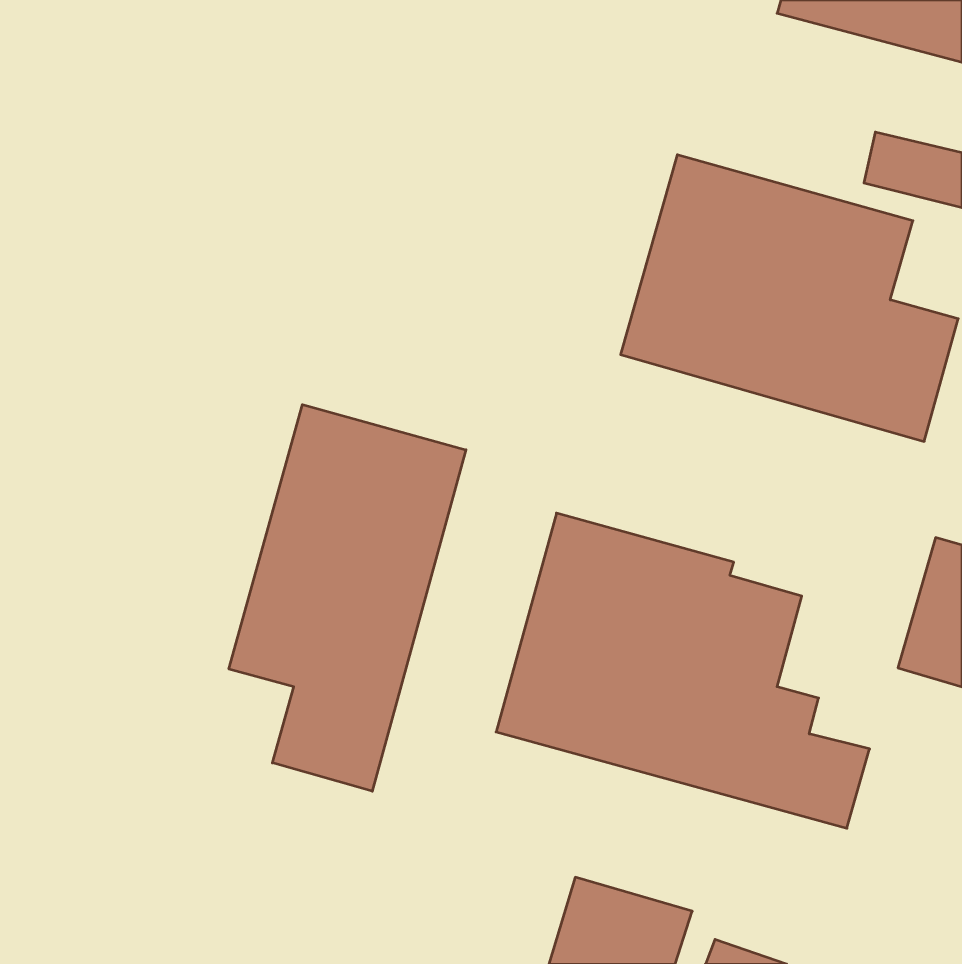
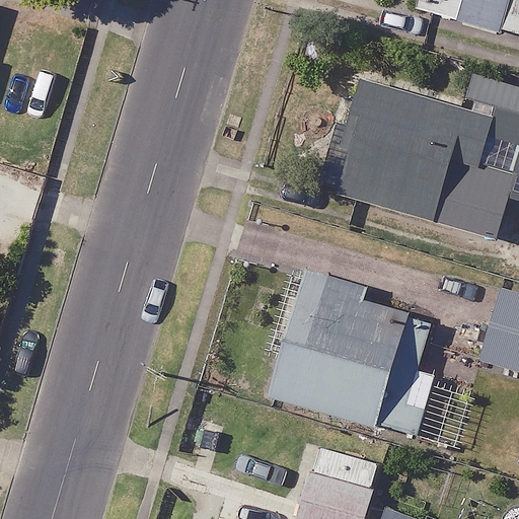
building: [229,405,466,791] -> none

